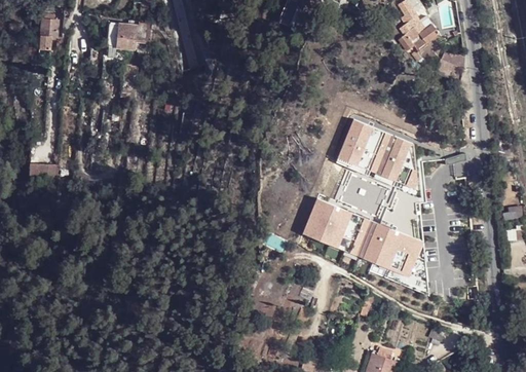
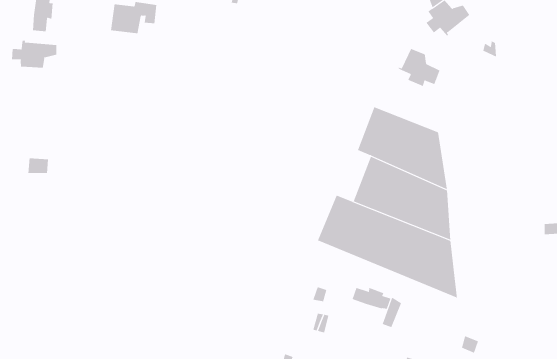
building: none -> [11,40,57,68]
building: none -> [398,48,440,87]
building: none -> [352,287,391,310]

